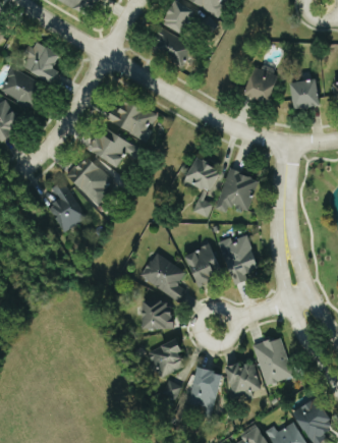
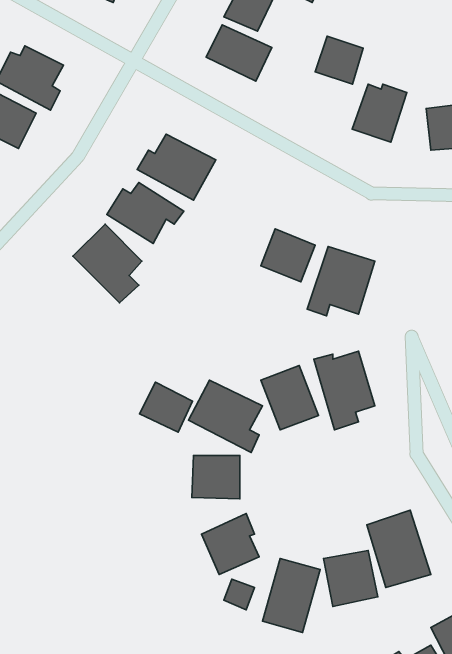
building: none -> [315,36,363,84]
building: [46,181,86,232] -> none
building: none -> [139,382,192,432]

